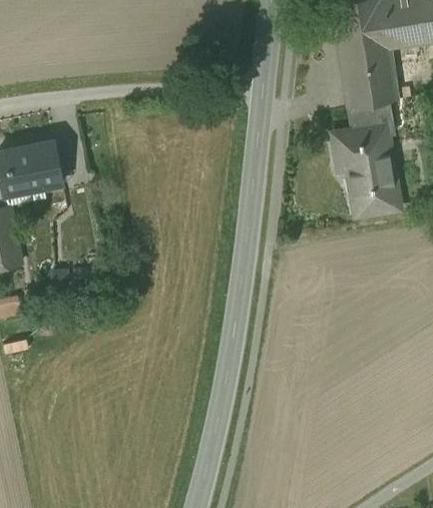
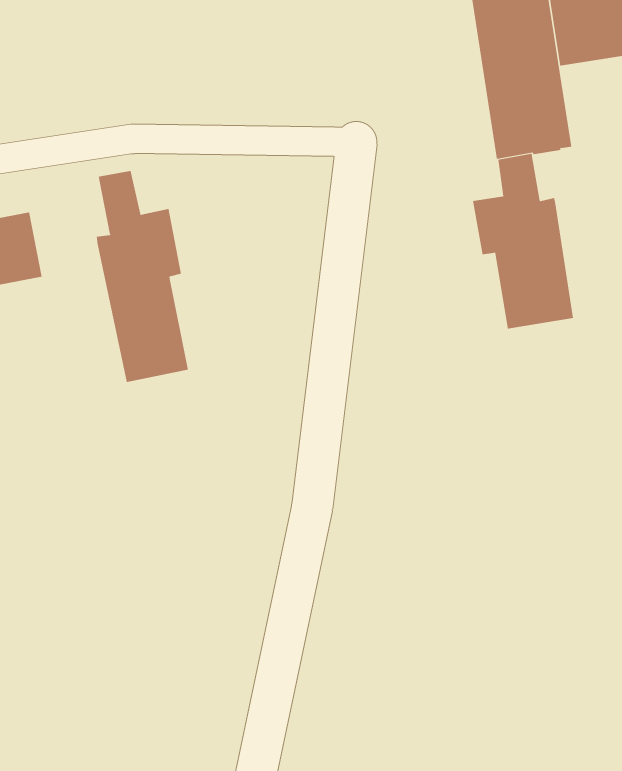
building: [372,103,396,137] -> none
building: none -> [96,170,189,383]

